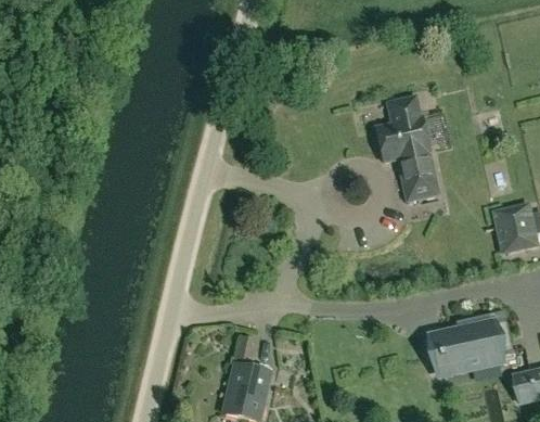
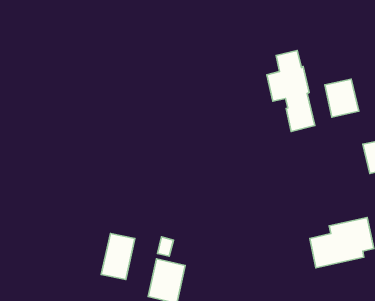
building: none -> [325,79,359,117]
building: none -> [101,234,135,280]

